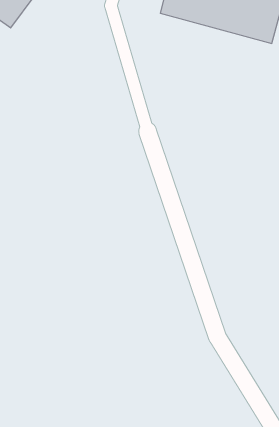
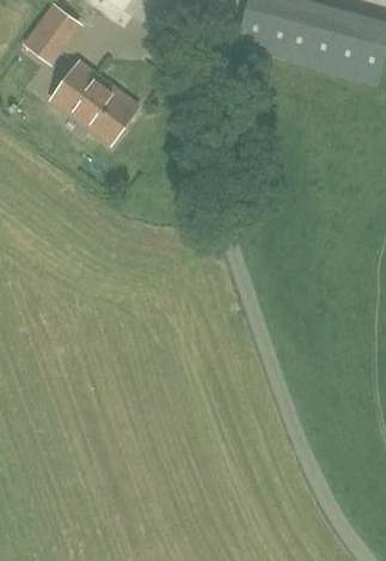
building: none -> [51,63,137,145]

